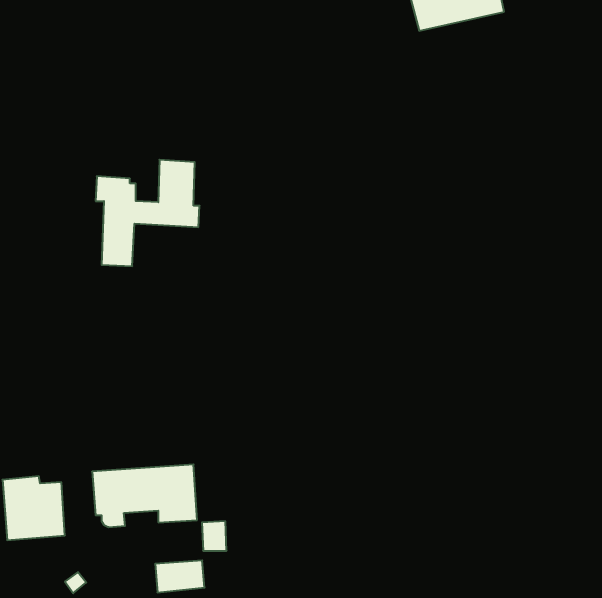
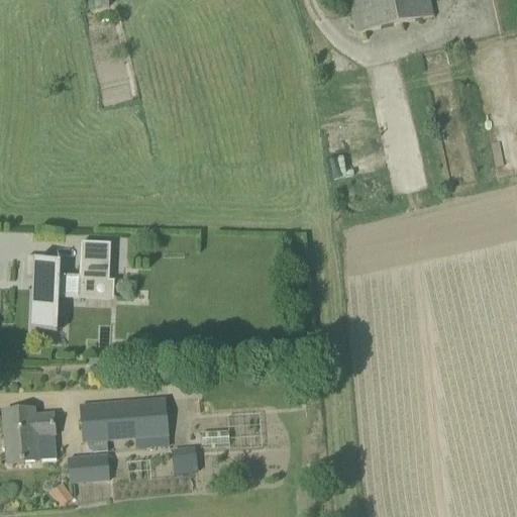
building: [96,160,200,266] -> [26,239,115,330]
building: [155,560,205,592] -> [68,453,110,481]

